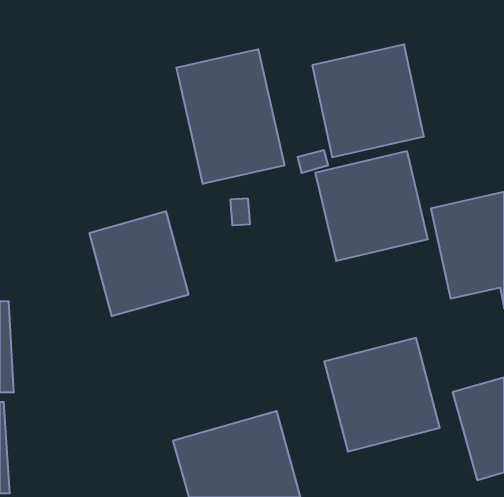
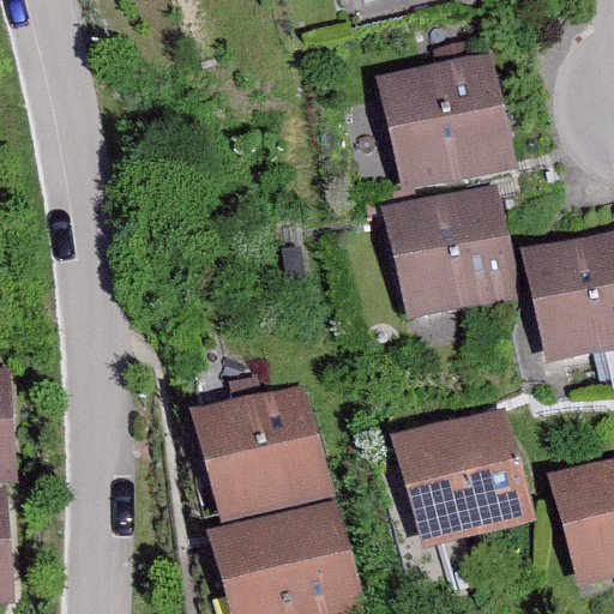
building: [177,49,284,184] -> none
building: [90,211,188,316] -> none
building: none -> [194,383,335,522]

